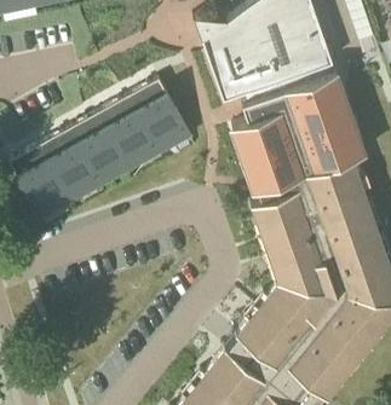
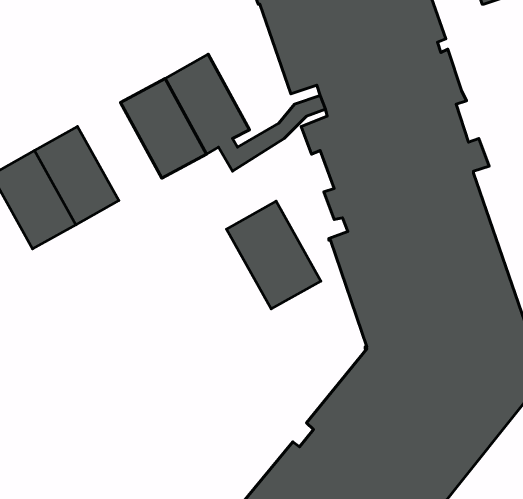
building: [75,110,134,179] -> none
building: none -> [226,201,321,309]

